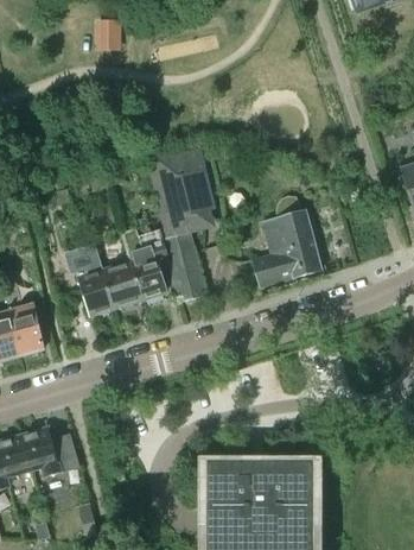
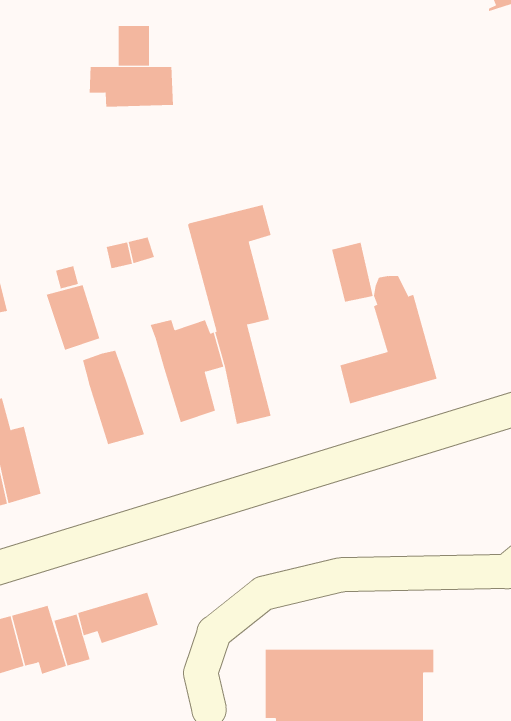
building: none -> [89,66,173,107]
building: none -> [331,242,373,302]
building: [103,261,141,308] -> [46,284,100,350]
building: none -> [78,592,159,644]

